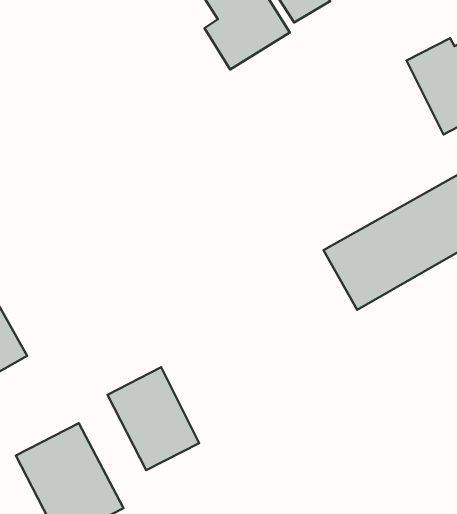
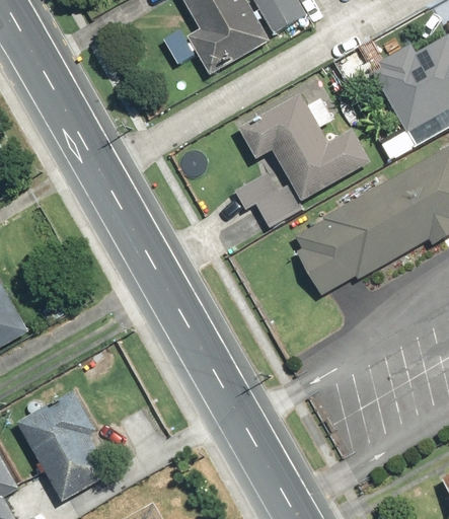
building: none -> [234,93,376,227]
building: [107,367,199,470] -> none

